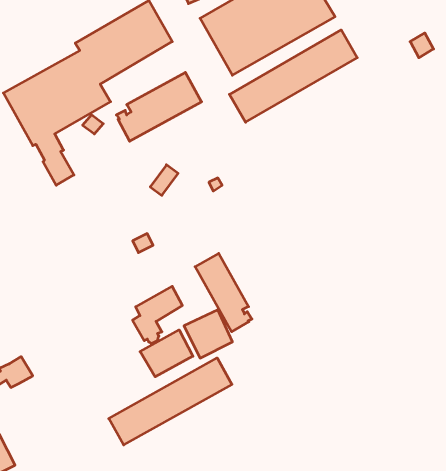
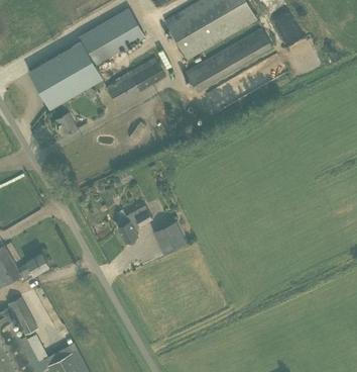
building: [195,253,252,332] -> none
building: [140,330,193,377] -> none
building: [109,358,232,445] -> none

